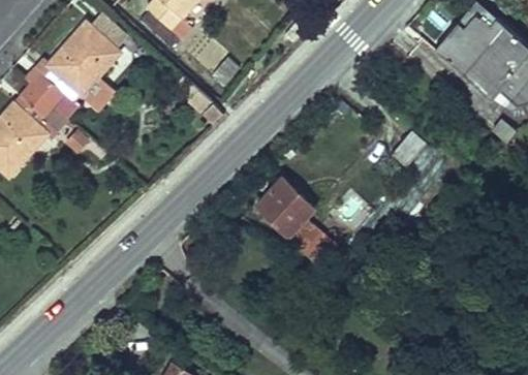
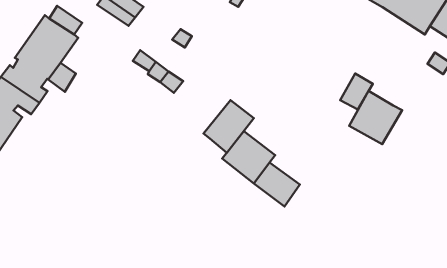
building: none -> [203,100,254,153]
building: none -> [349,91,402,144]

